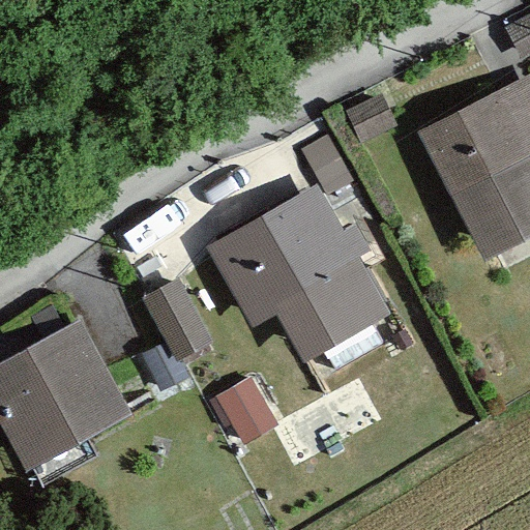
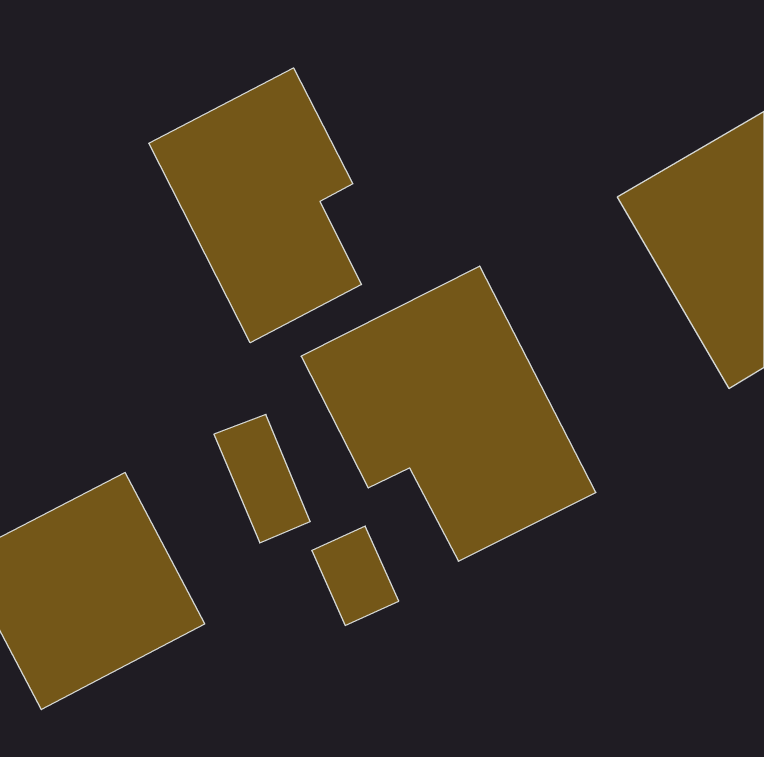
building: none -> [149,68,361,343]

